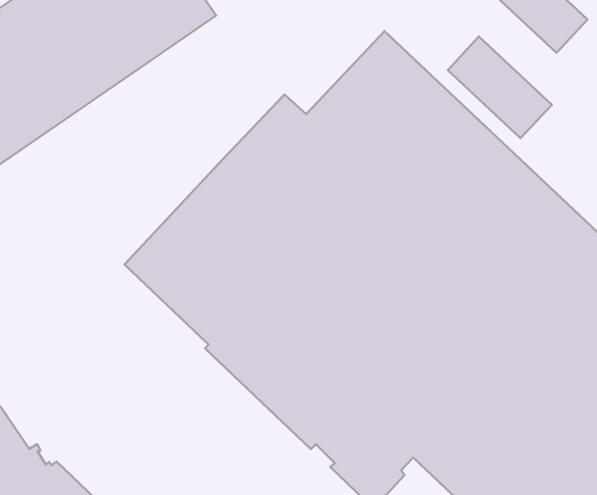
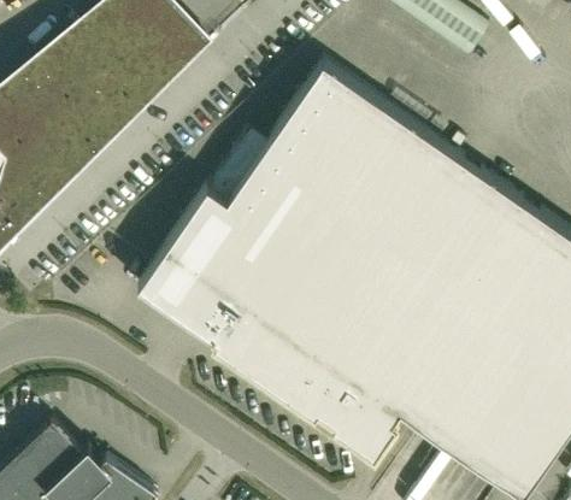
building: [448,37,552,138] -> none

